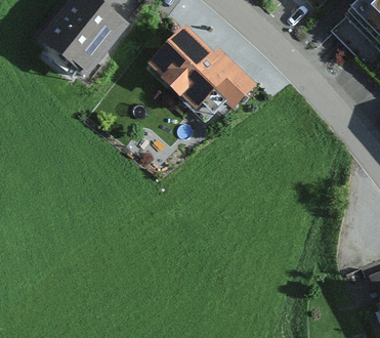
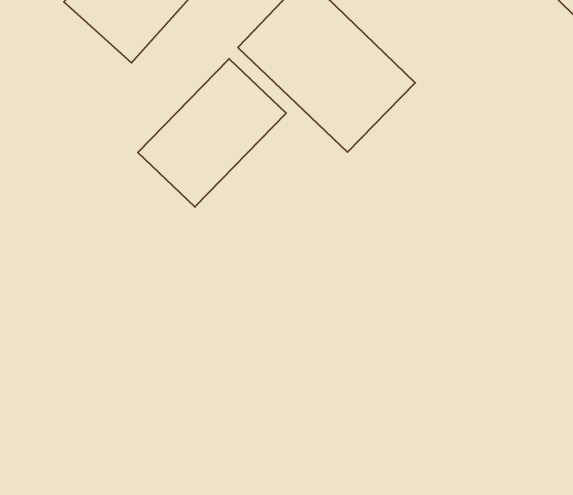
building: none -> [138,59,286,207]

